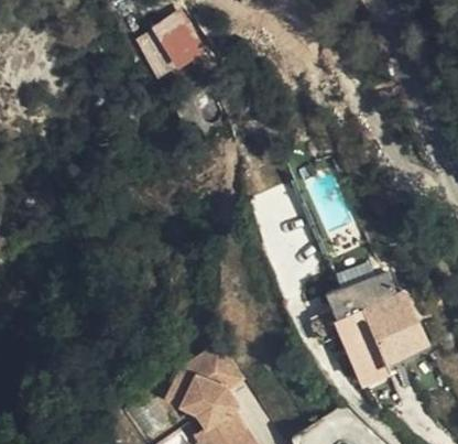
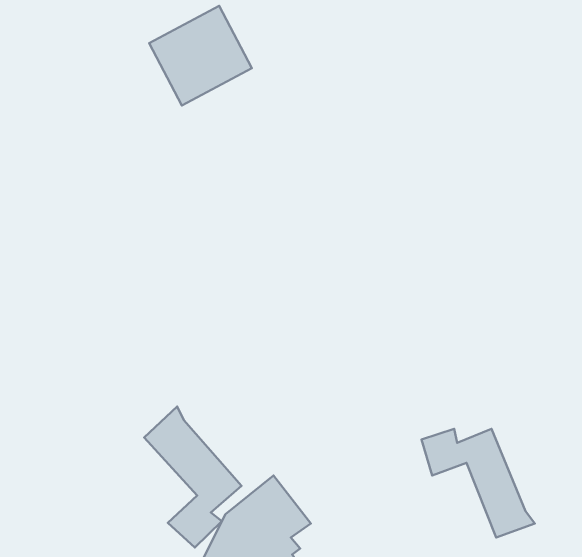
building: [338,273,429,369] -> none
building: none -> [144,406,241,548]

